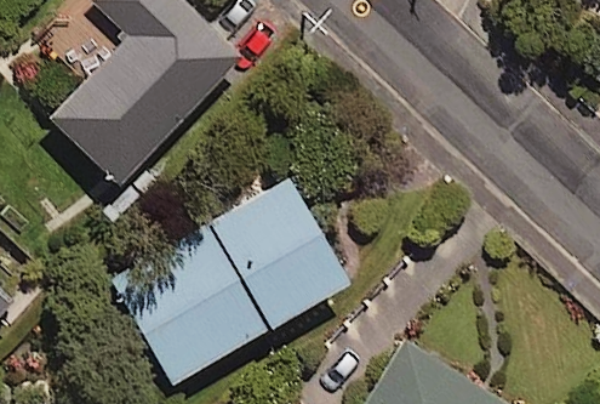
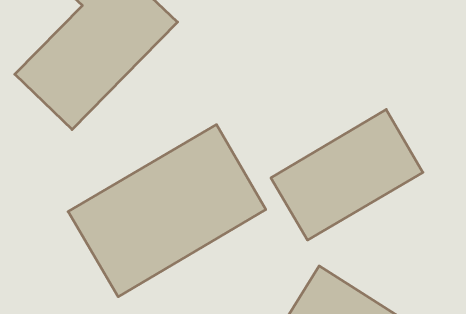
building: none -> [271,109,423,240]

